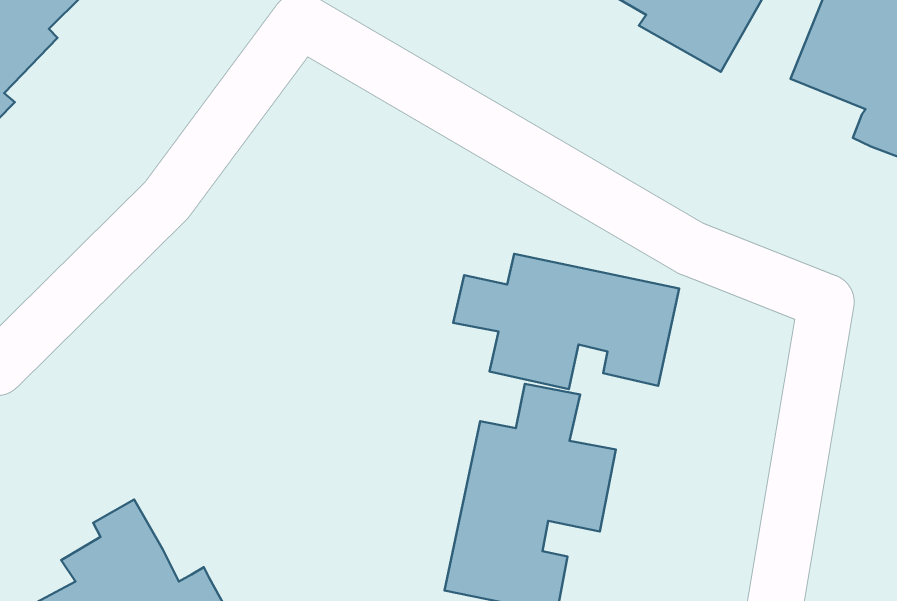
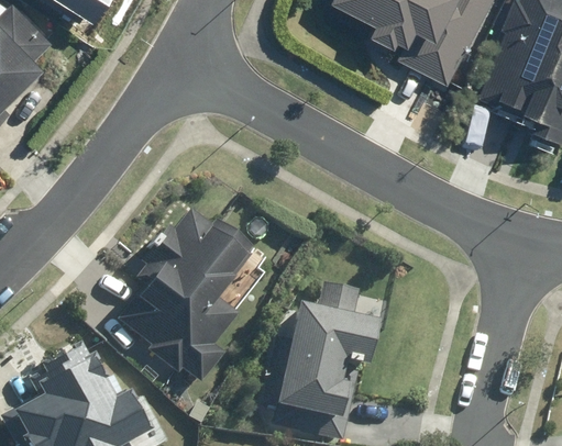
building: [453,254,679,389] -> none
building: none -> [135,214,260,381]

